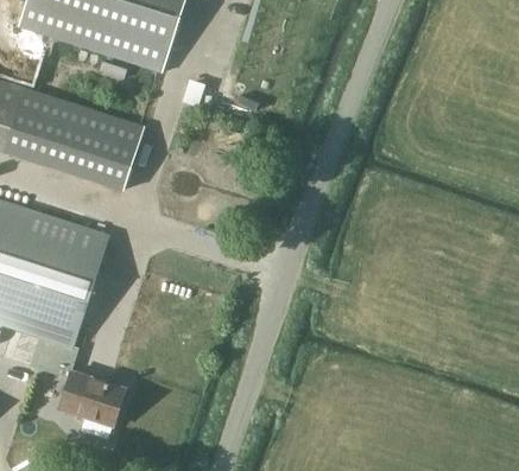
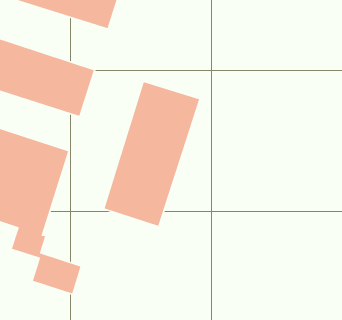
building: none -> [104,81,200,227]

